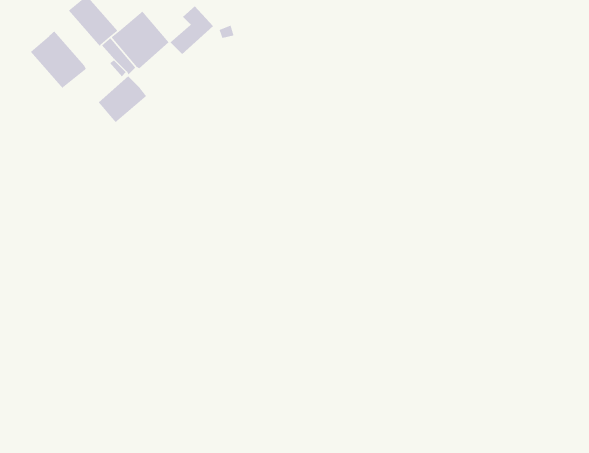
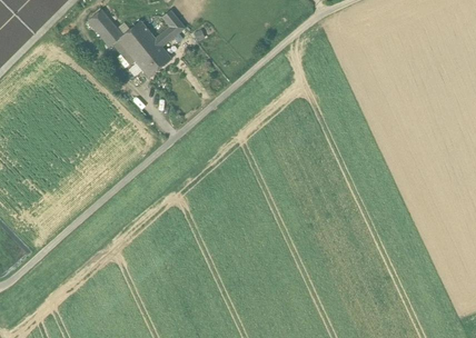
building: [30,31,87,89] -> none
building: [98,75,147,123] -> [137,41,171,74]

